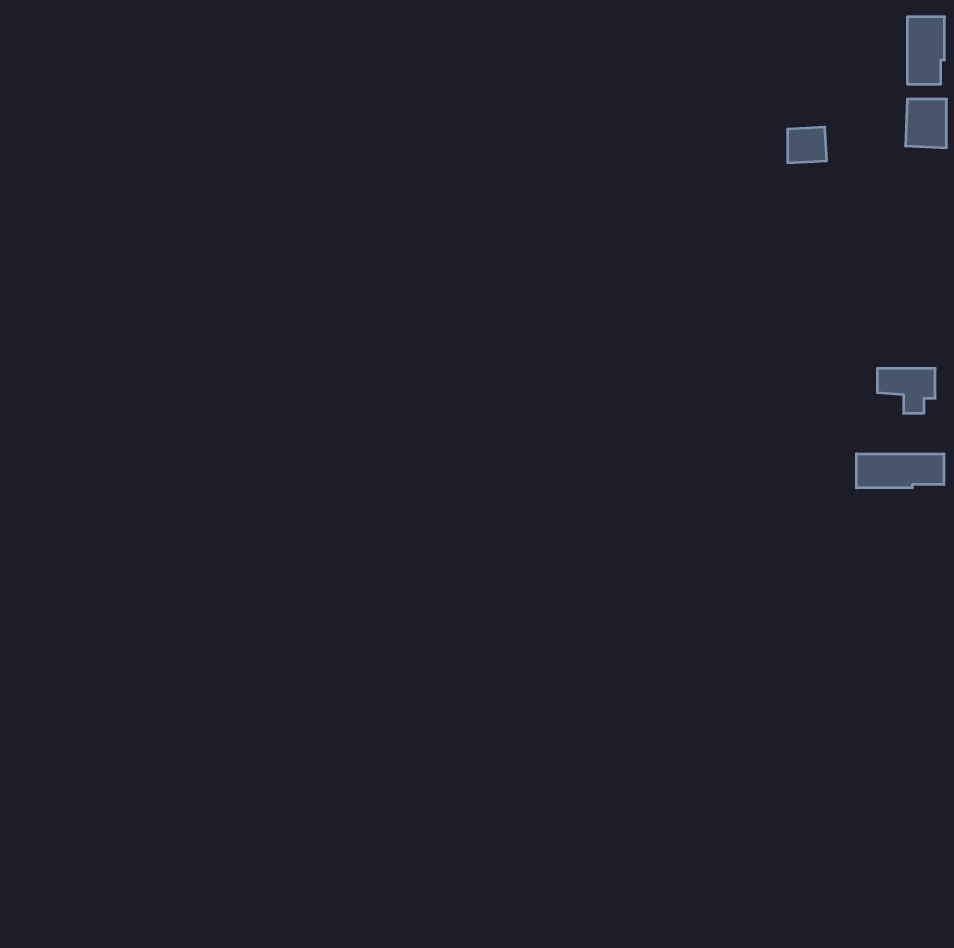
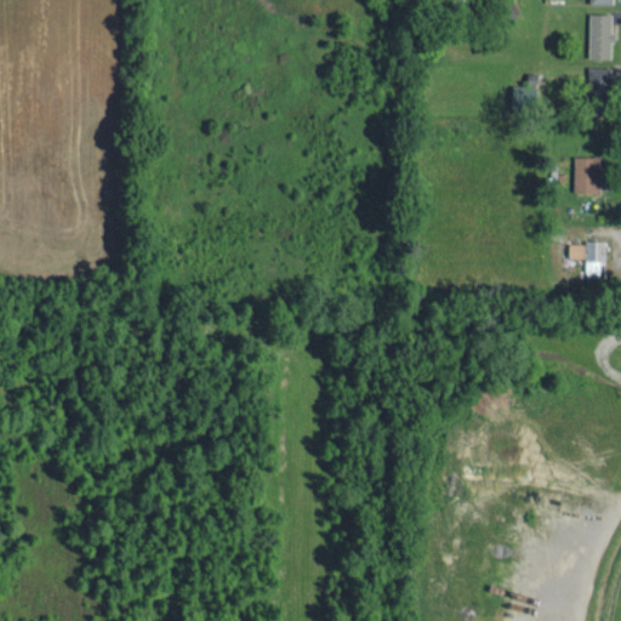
building: none -> [575,159,602,195]
building: [856,454,944,488] -> none

